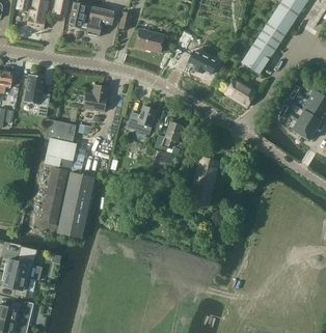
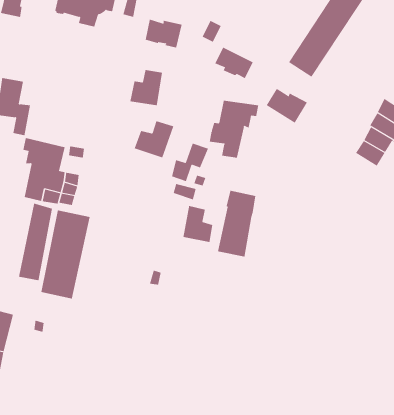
building: [83,85,108,112] -> [130,70,163,106]
building: none -> [209,100,259,159]
building: none -> [183,205,213,243]

